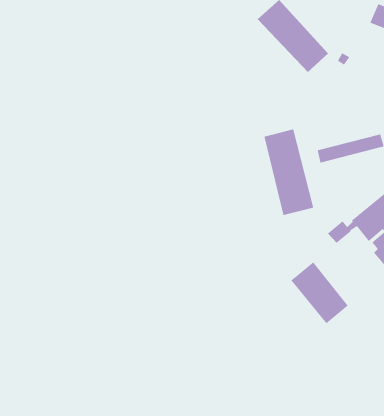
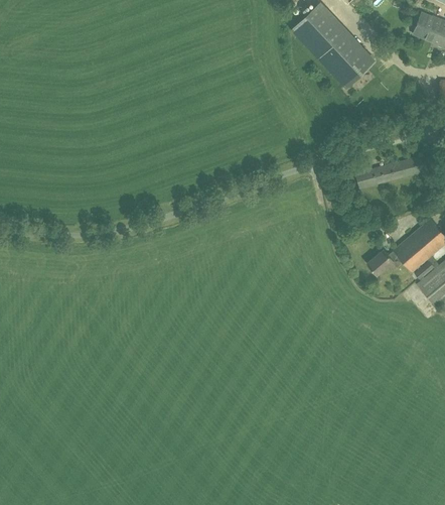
building: [264,129,314,216] -> none
building: [290,261,348,324] -> none

